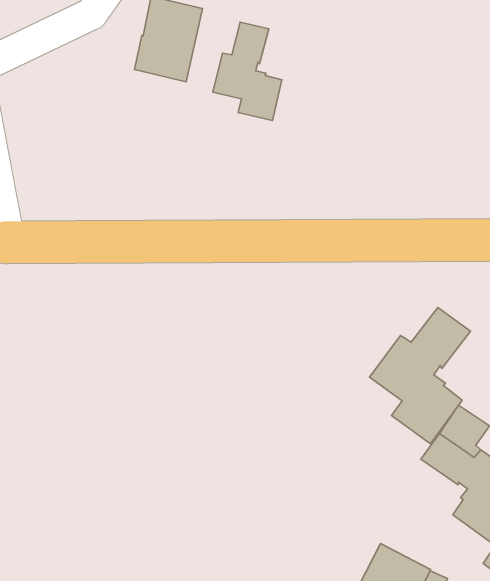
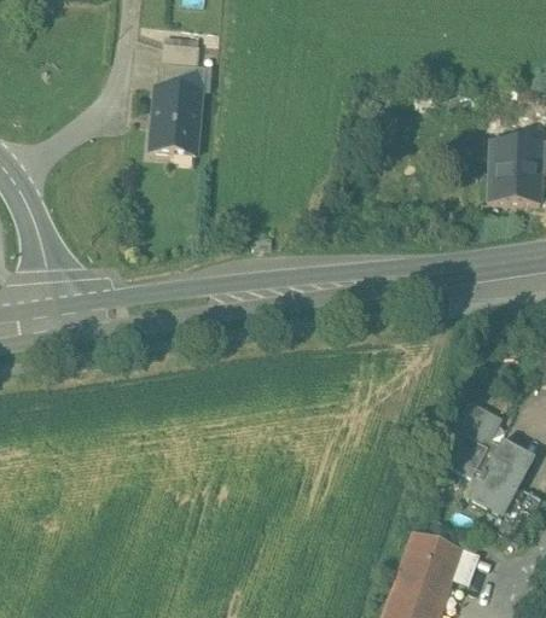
building: [213,22,282,121] -> none
building: [369,308,470,444] -> none

